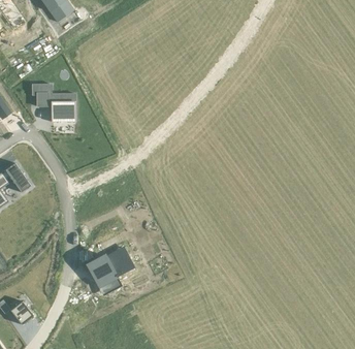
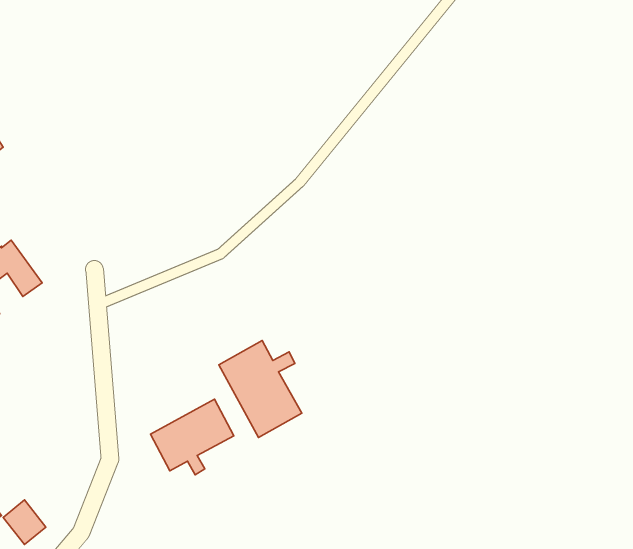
building: [35,93,73,121] -> none
building: none -> [219,340,302,437]

